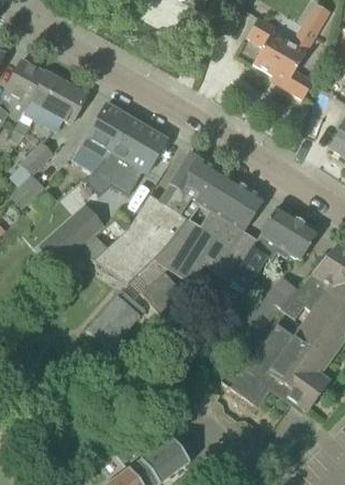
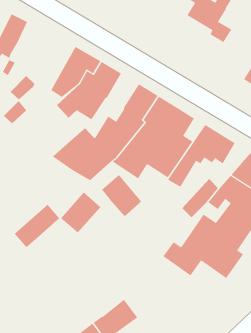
building: [21,69,87,129] -> none
building: [41,205,102,263] -> [14,204,60,248]

